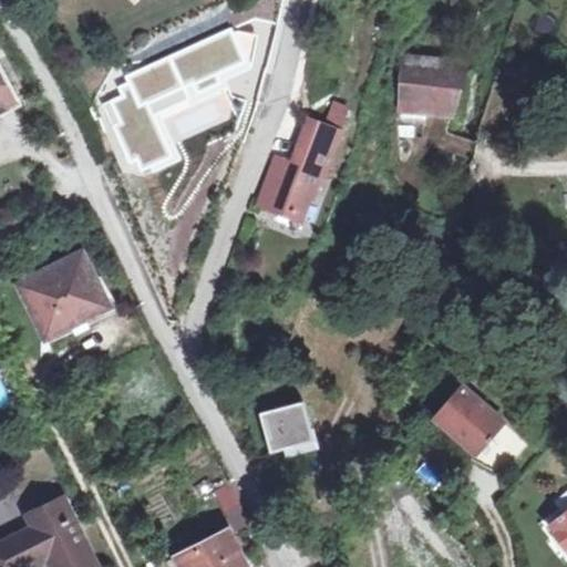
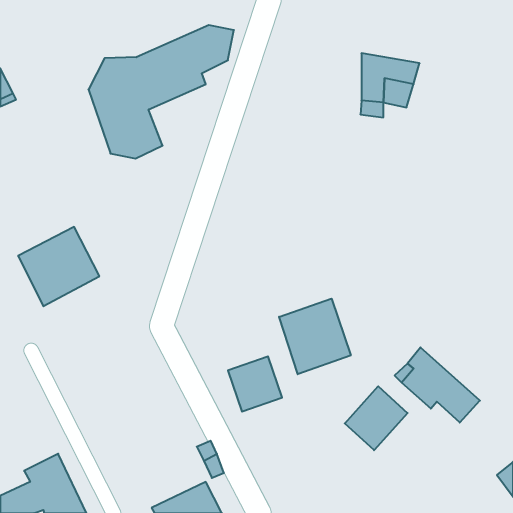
building: [258,104,341,214] -> none
building: none -> [279,299,351,374]
building: none -> [345,386,408,450]

